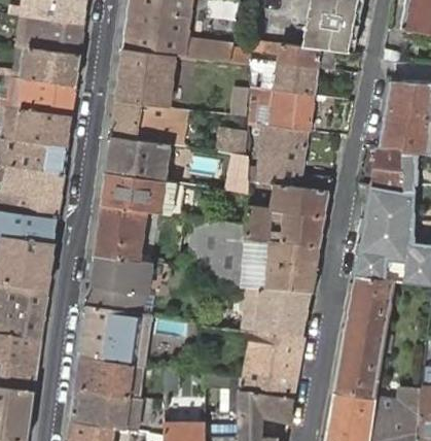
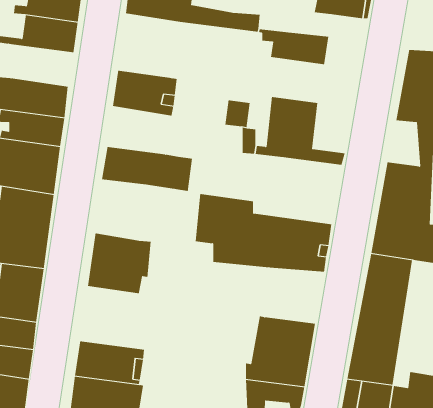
building: [251,41,318,70] -> none
building: [116,48,175,109] -> none
building: [12,77,75,117] -> none
building: [248,89,312,133] -> none
building: [106,136,168,181] -> none
building: [370,149,401,193] -> none
building: [245,184,327,247] -> none
building: [95,205,143,263] -> none
building: [255,289,312,341] -> none
building: [80,306,149,366] -> none

